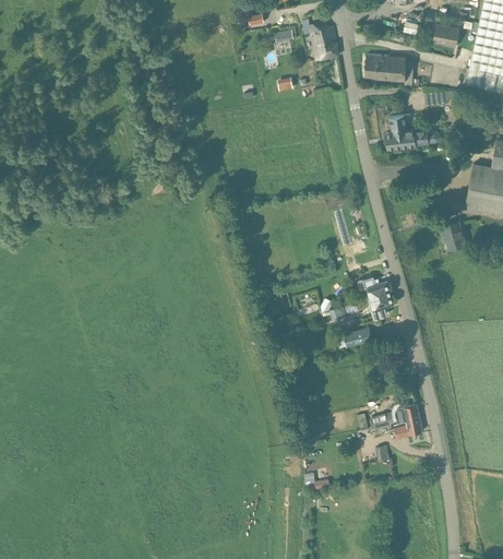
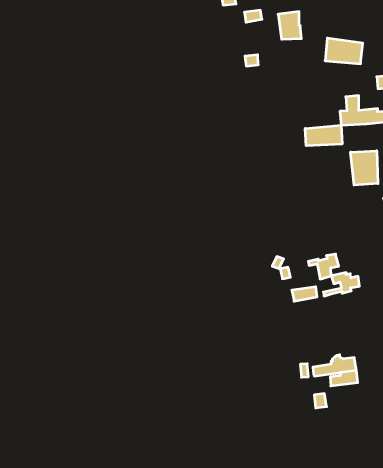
building: none -> [305,125,342,146]
building: none -> [351,151,378,185]
building: [350,277,390,305] -> [323,273,359,296]

